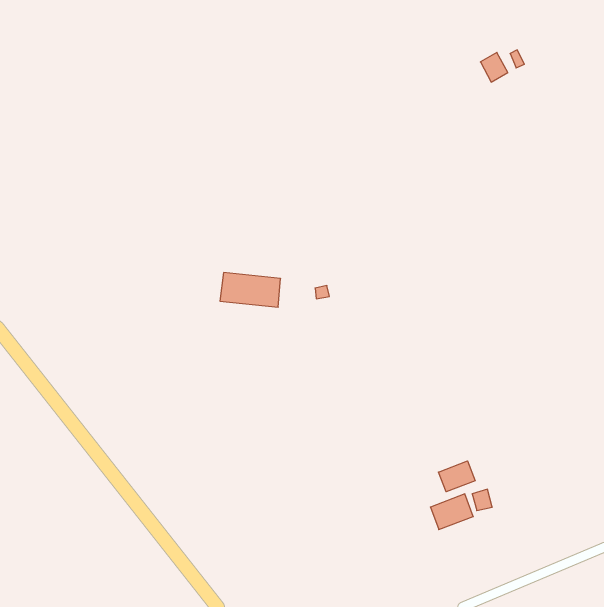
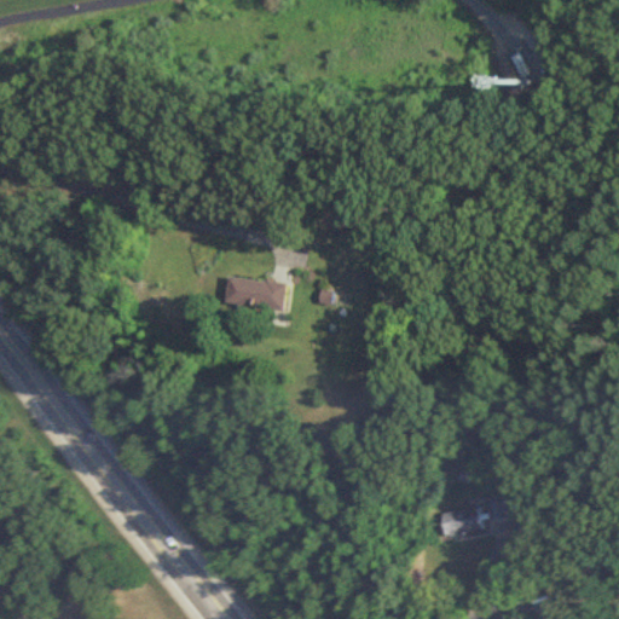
building: [438,461,475,492] -> none

